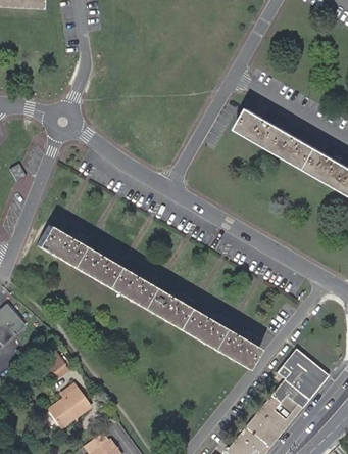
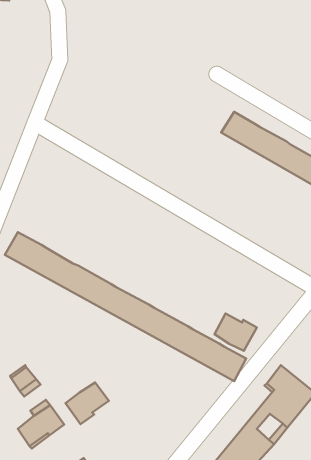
building: none -> [214,313,257,351]
building: none -> [65,383,109,424]

